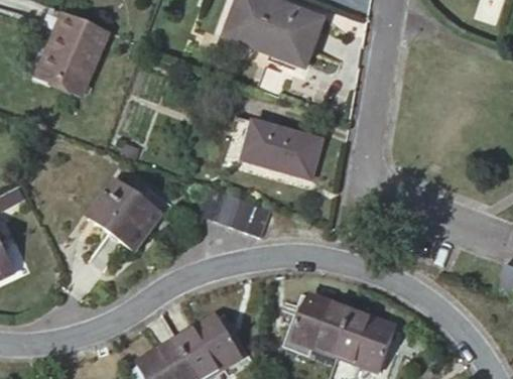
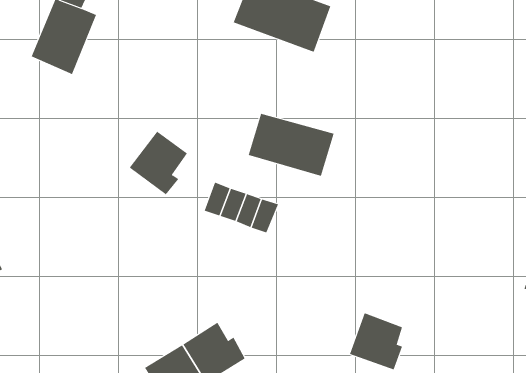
building: [98,187,153,248] -> [129,131,188,195]
building: [294,294,352,348] -> none

